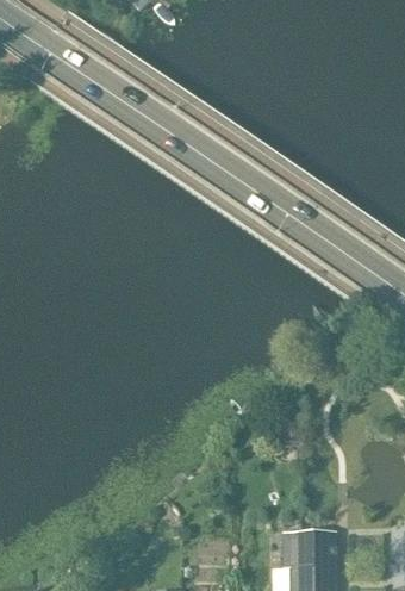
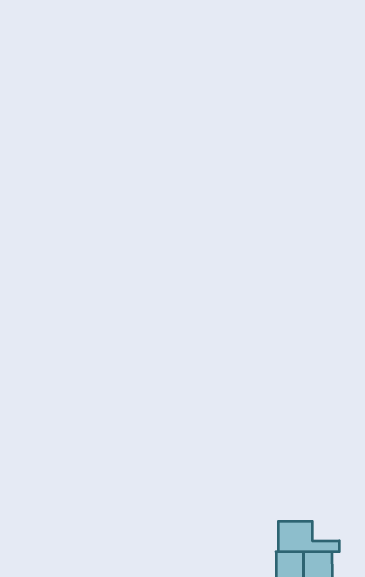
building: none -> [278,521,339,552]

